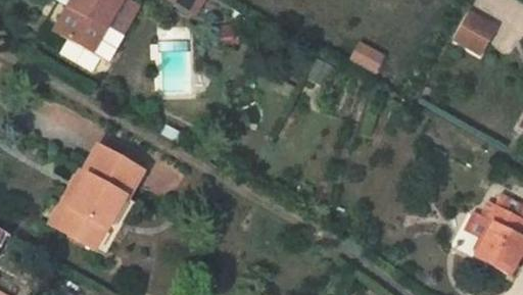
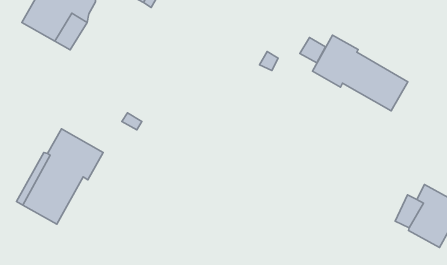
building: [453,10,494,52] -> none
building: none -> [312,35,408,111]

